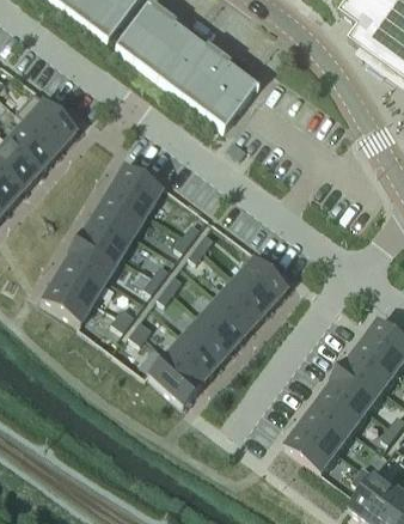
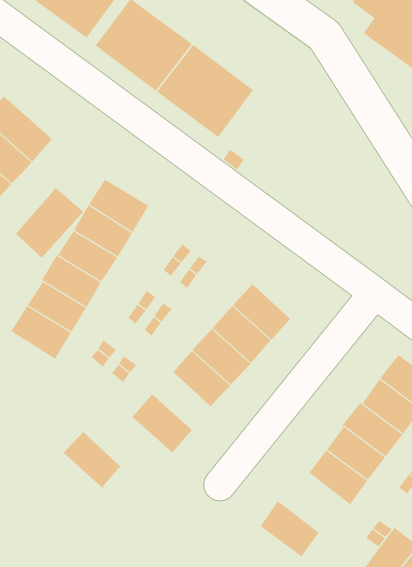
building: none -> [15,187,84,259]
building: [165,333,216,384] -> [63,431,121,490]
building: [287,421,339,471] -> [260,500,320,557]

